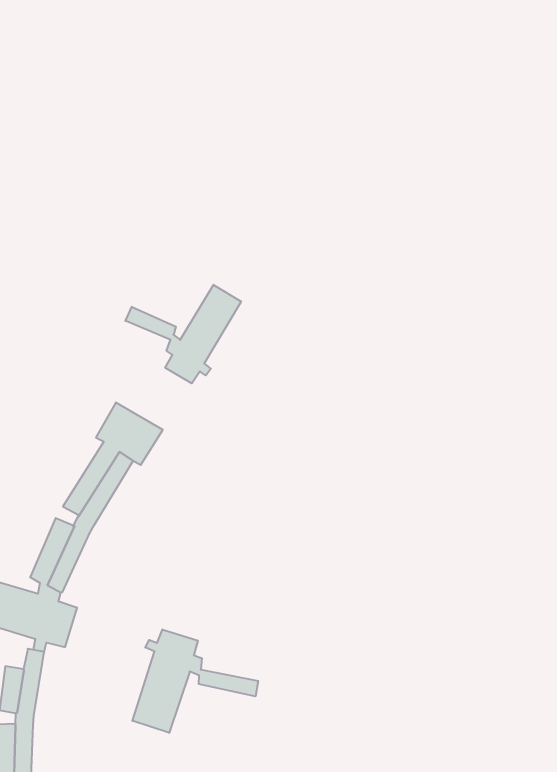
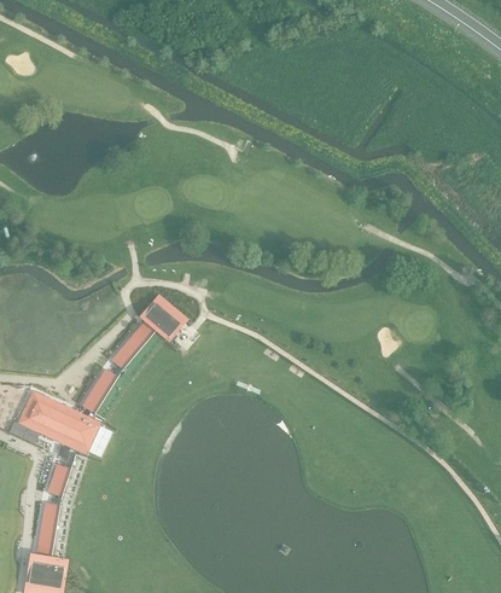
building: [125,285,241,383] -> none
building: [132,629,258,733] -> none

